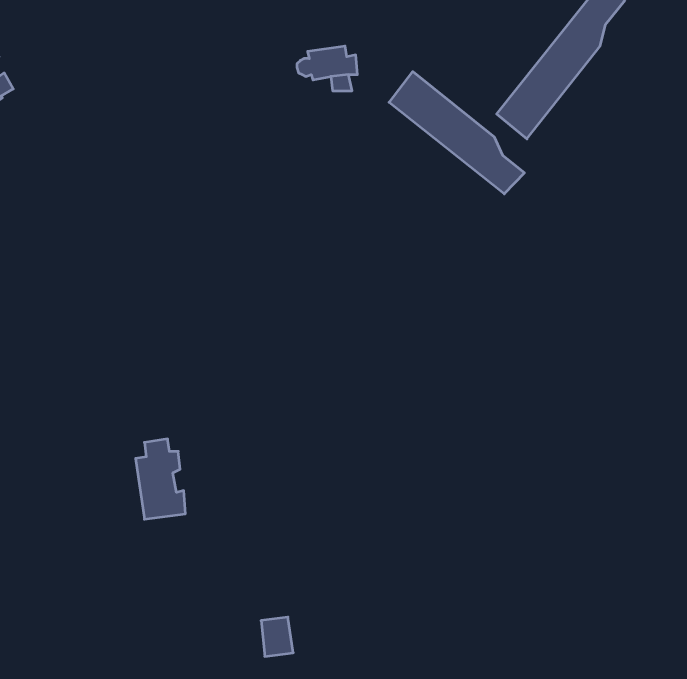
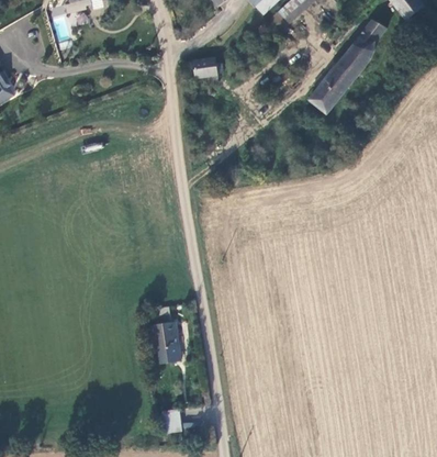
building: [389,72,524,194] -> none
building: [136,439,185,519] -> [149,314,180,364]

